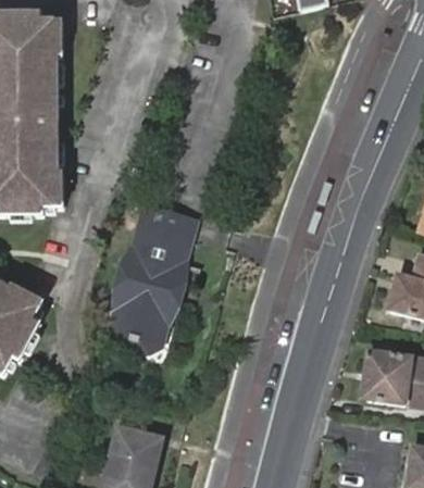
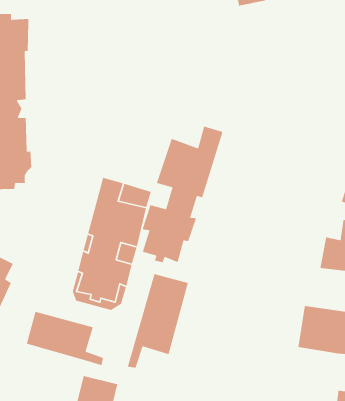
building: none -> [142,125,224,263]
building: none -> [127,273,189,369]
building: none -> [26,311,104,366]

